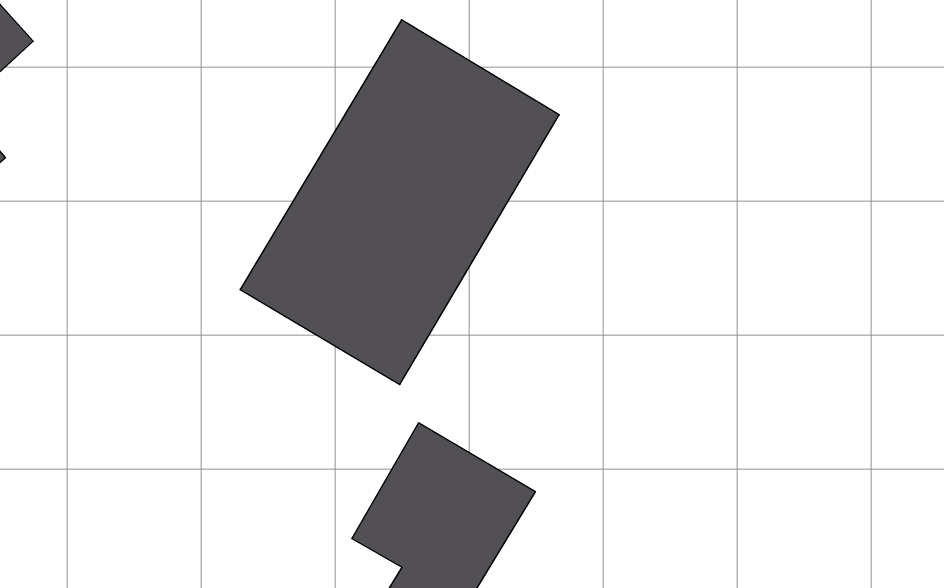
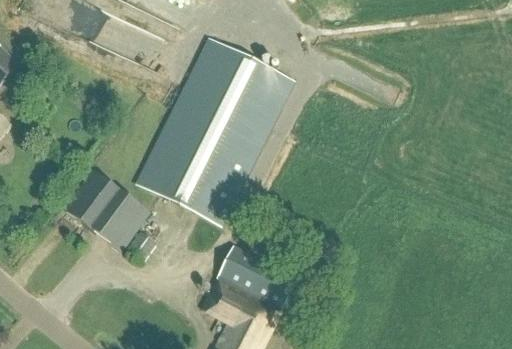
building: none -> [64,170,158,263]

